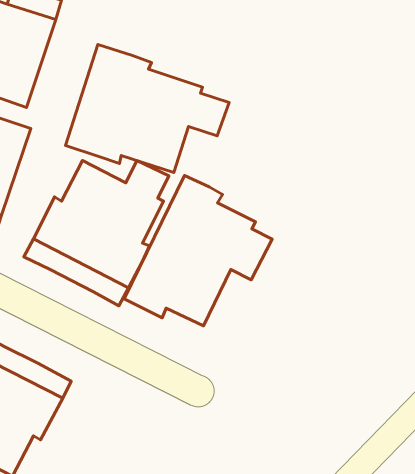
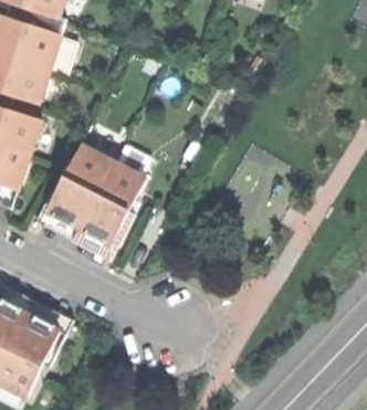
building: [66,44,229,173] -> none
building: [124,175,272,326] -> none

